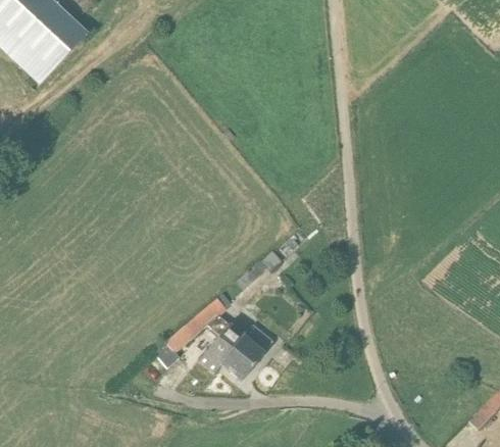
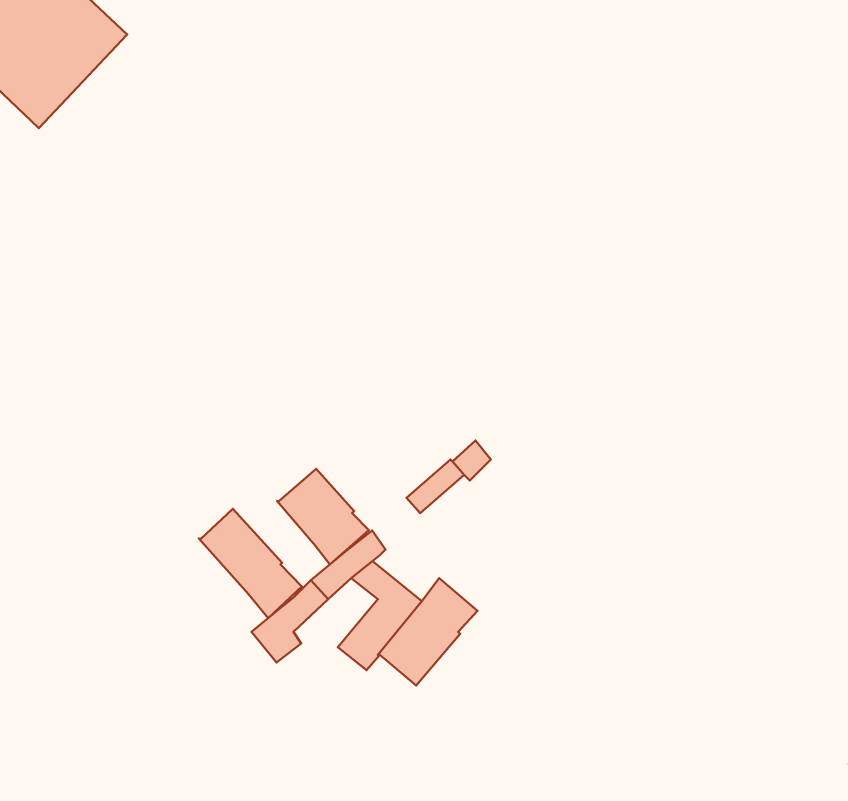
building: none -> [277,469,369,564]
building: none -> [199,509,302,618]

